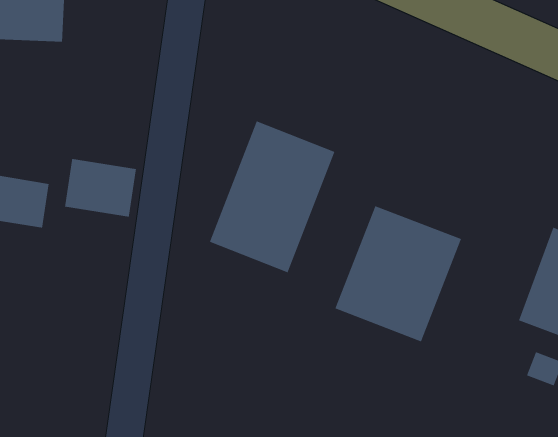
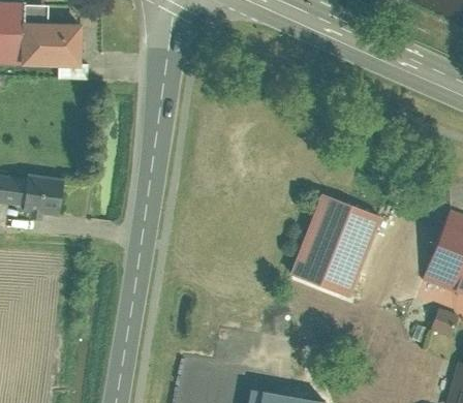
building: [209,120,335,273] -> none
building: [64,158,136,218] -> none

